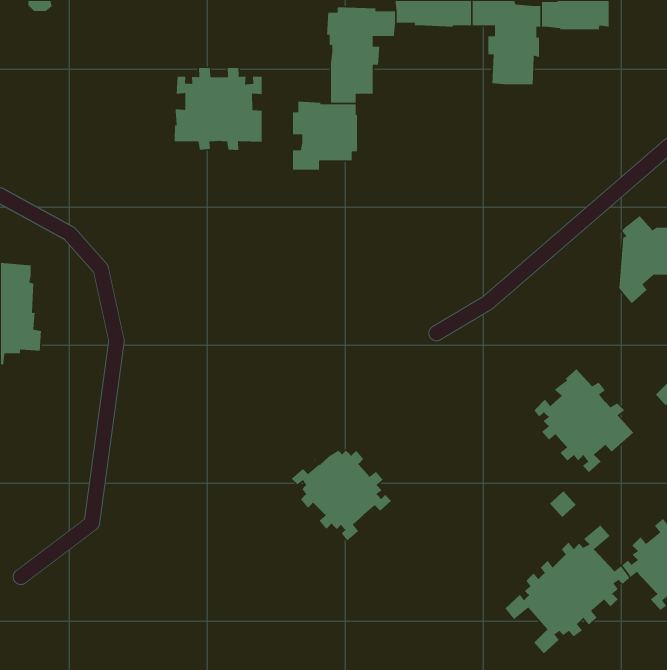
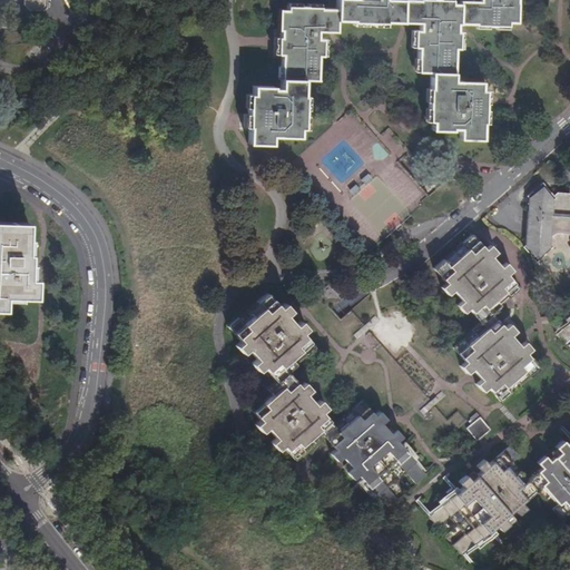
building: [174,67,263,151] -> none
building: none -> [430,72,487,139]
building: none -> [433,233,521,322]
building: none -> [230,293,323,386]
building: none -> [325,401,429,509]

